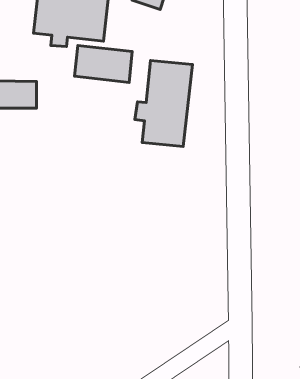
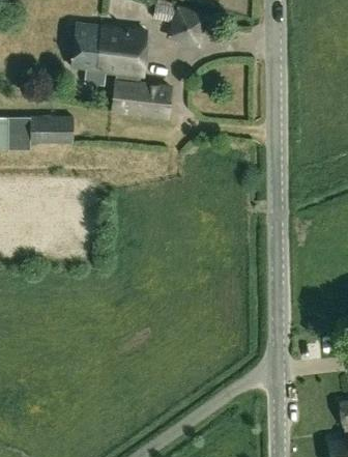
building: [135,60,193,146] -> none

